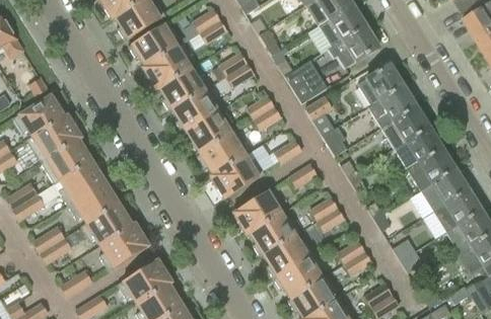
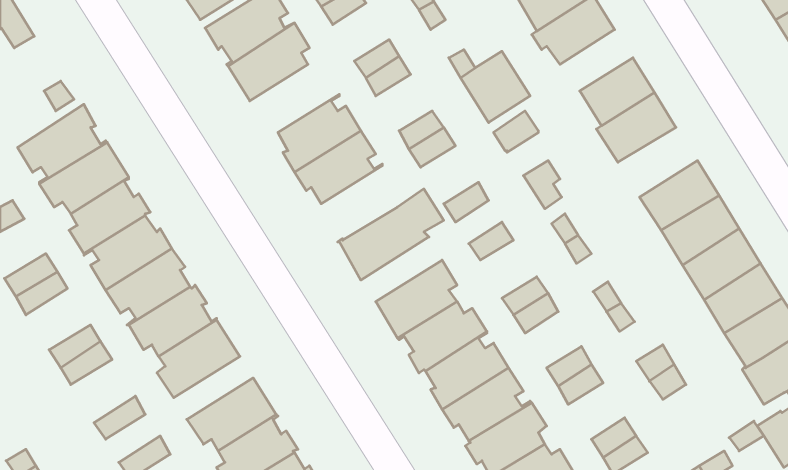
building: [155,67,210,109] -> none
building: [380,105,429,148] -> none
building: [197,129,246,174] -> none

